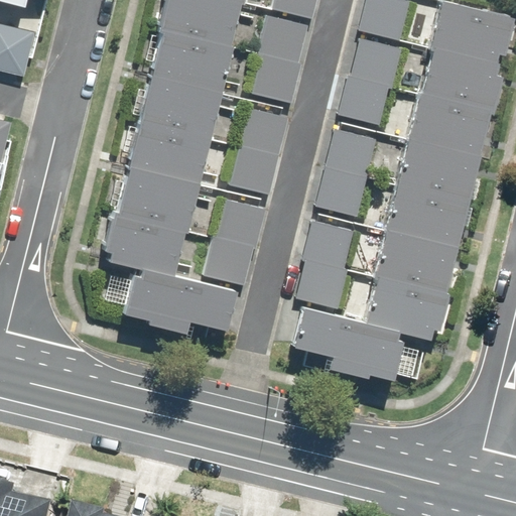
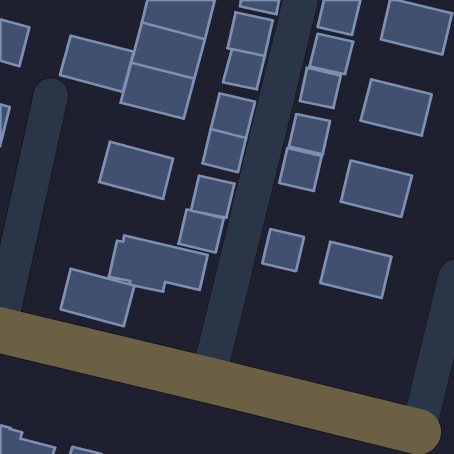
building: [421,46,502,109] -> none
building: [126,118,210,181] -> [60,36,134,92]
building: [398,138,479,201] -> none
building: [103,208,186,272] -> [61,269,135,326]
building: [305,222,354,269] -> none
building: [375,230,456,292] -> none
building: [294,308,403,380] -> none

